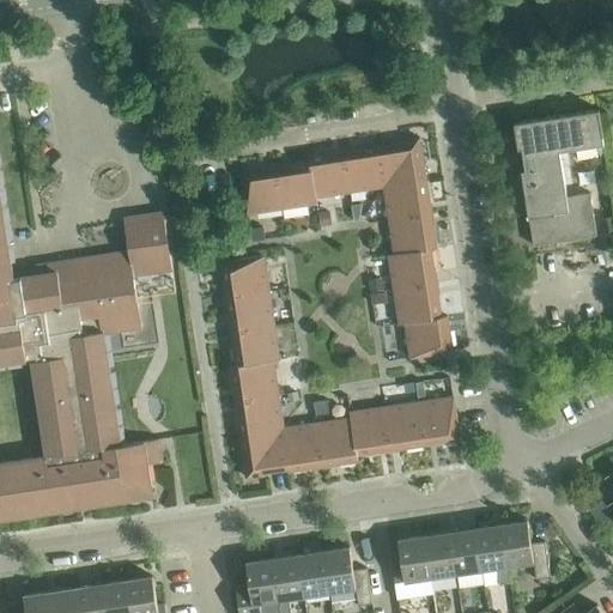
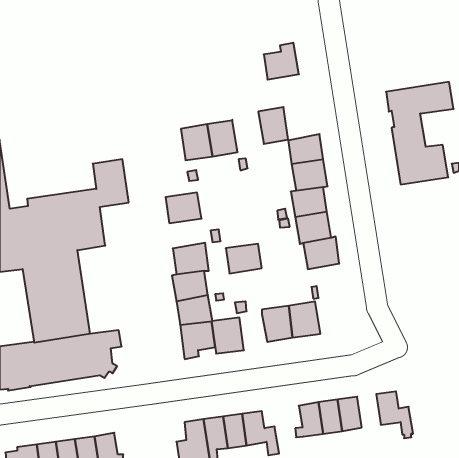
building: [378,139,425,188] -> [264,43,299,80]
building: [308,151,351,199] -> none
building: [225,293,273,333] -> [226,244,262,273]
building: [419,399,459,447] -> none
building: [318,420,357,468] -> none
building: [475,527,509,585] -> none

